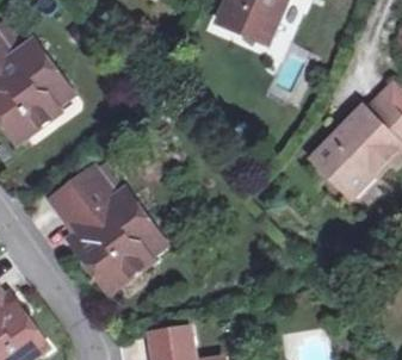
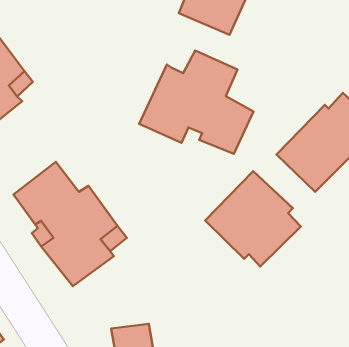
building: none -> [139,50,254,154]
building: none -> [205,171,301,267]

